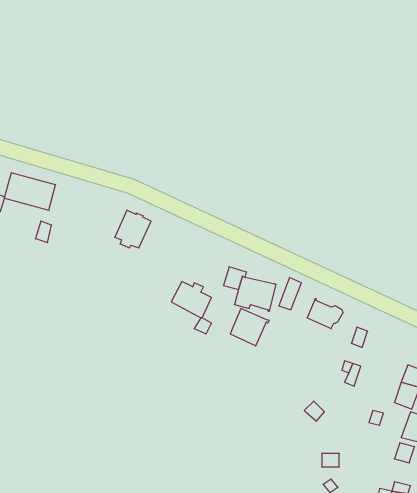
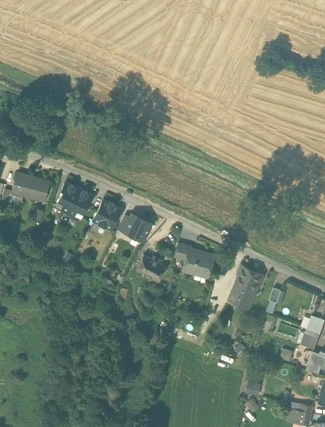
building: none -> [56,182,91,218]
building: none -> [123,214,151,241]
building: [230,308,269,346] -> [228,281,257,309]

